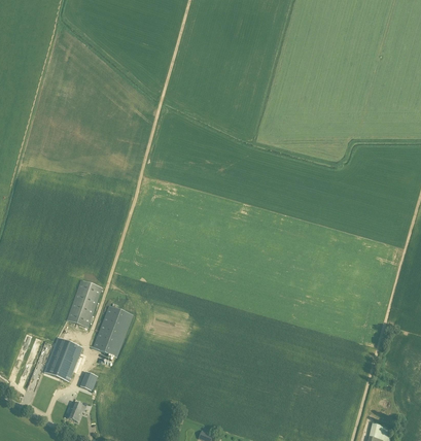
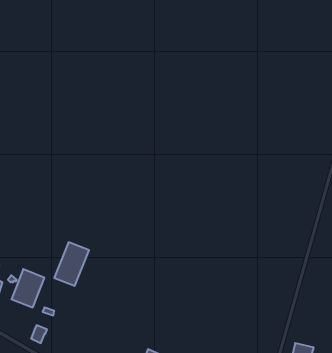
building: [67,279,102,328] -> none

